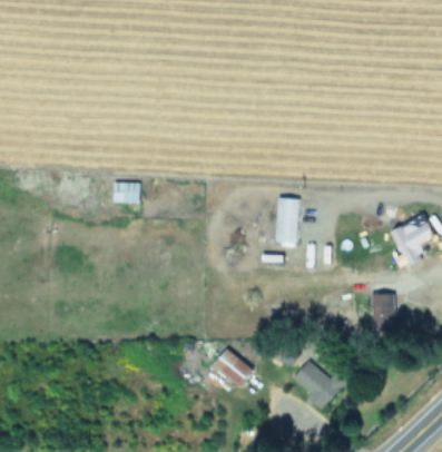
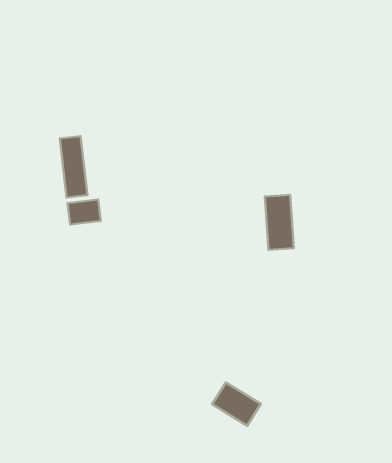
building: none -> [60,136,87,198]
building: [292,361,347,410] -> none

